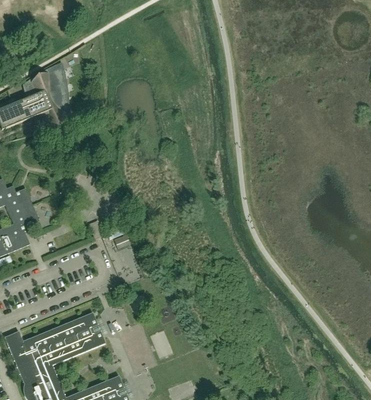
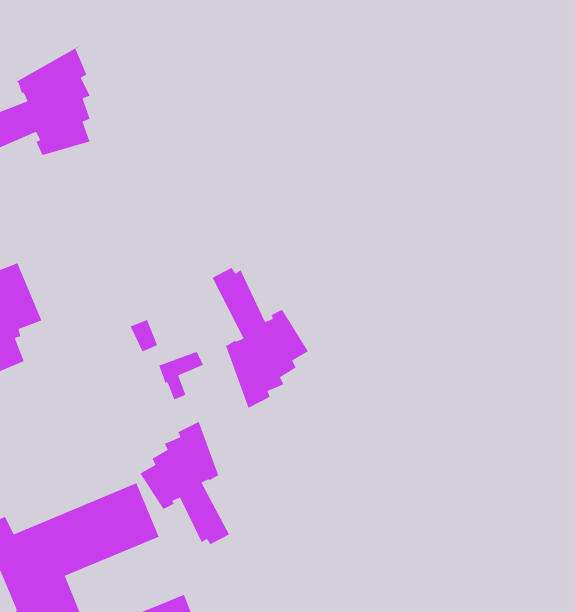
building: none -> [211,267,310,416]
building: none -> [138,415,230,545]

